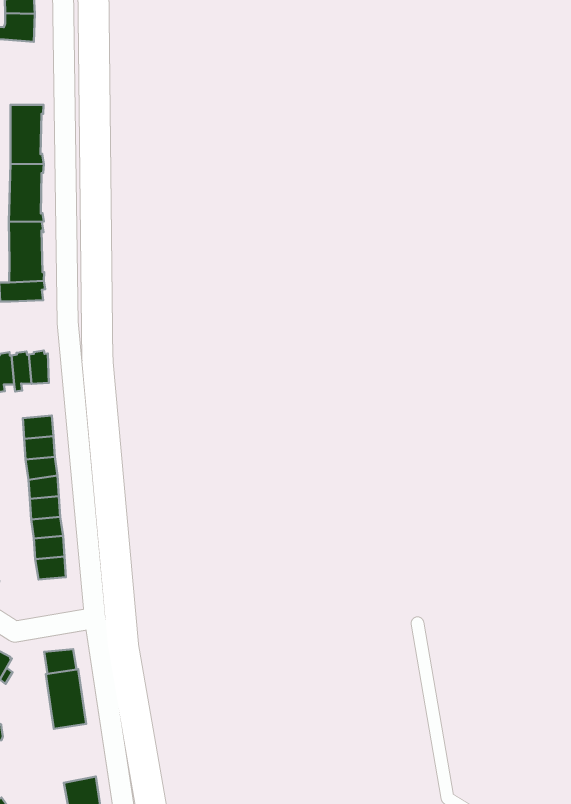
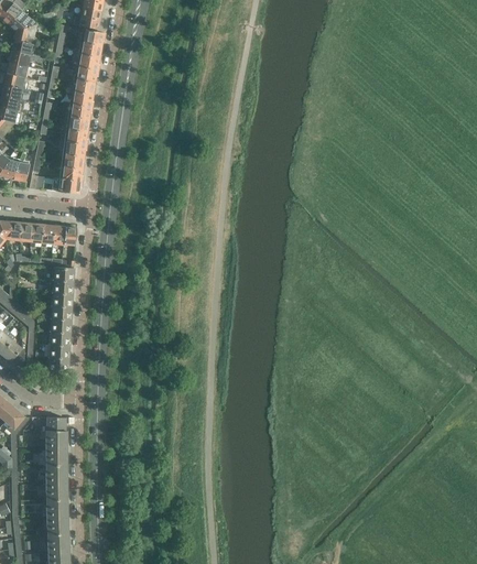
building: none -> [77,30,105,70]
building: none -> [45,466,67,501]

